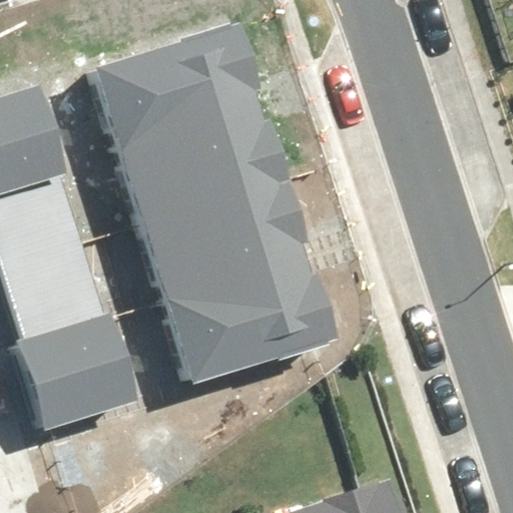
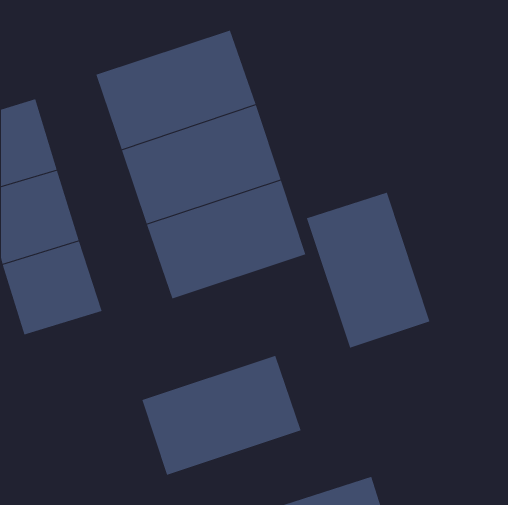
building: none -> [306,192,430,349]
building: [173,260,335,381] -> [142,355,302,475]
building: [16,317,129,428] -> none

